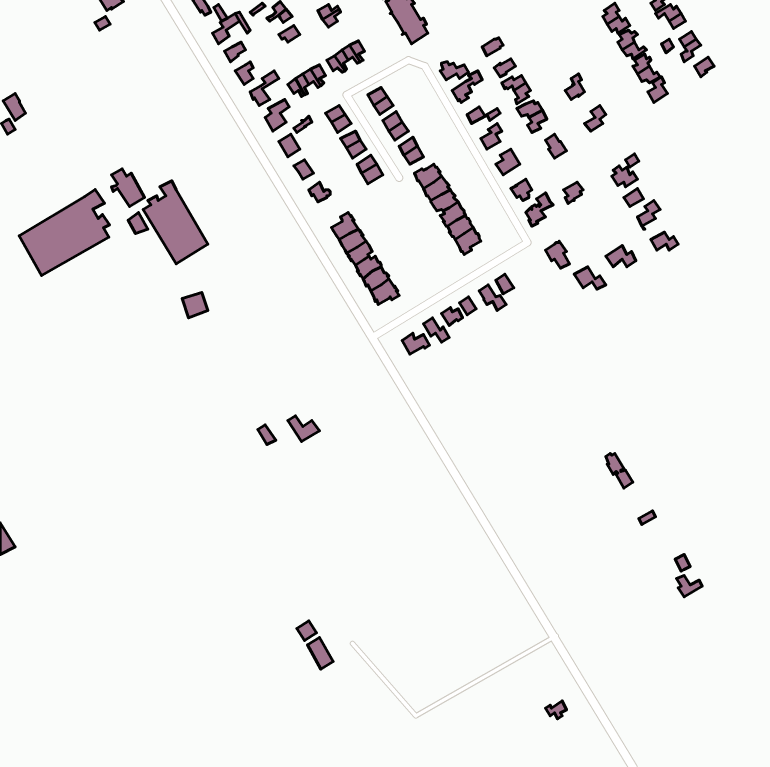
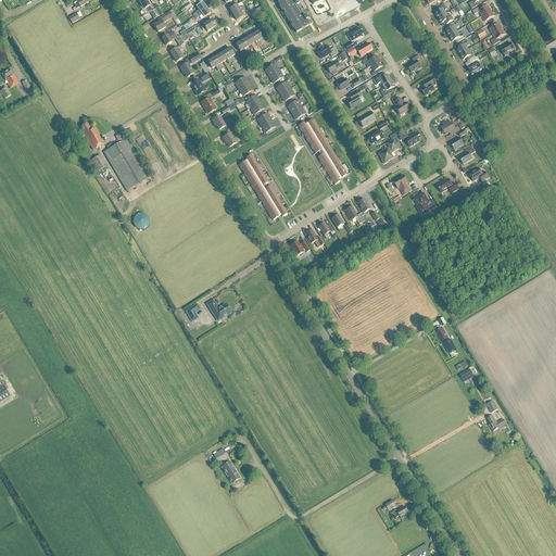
building: [19,189,109,276] -> none

